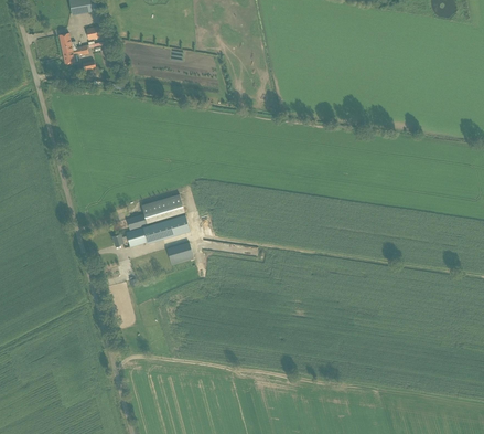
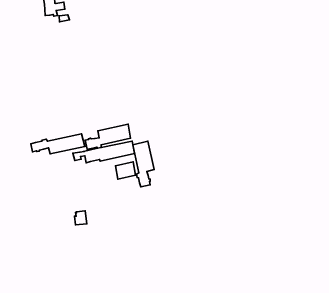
building: none -> [31,134,85,154]
building: none -> [133,141,154,187]

